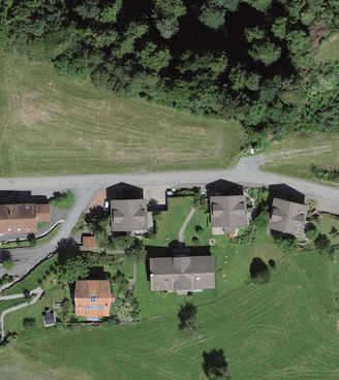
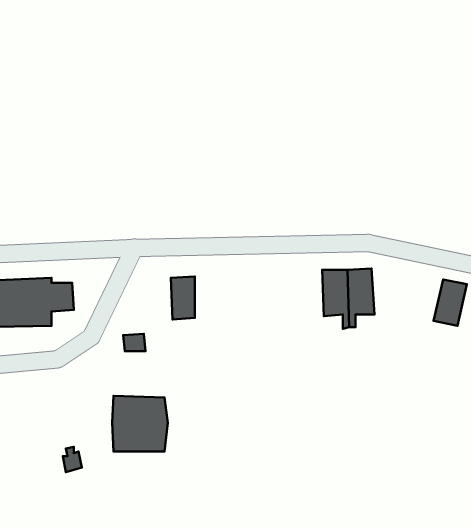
building: [270,199,290,229] -> none
building: [129,200,145,227] -> none
building: [153,257,212,288] -> none

